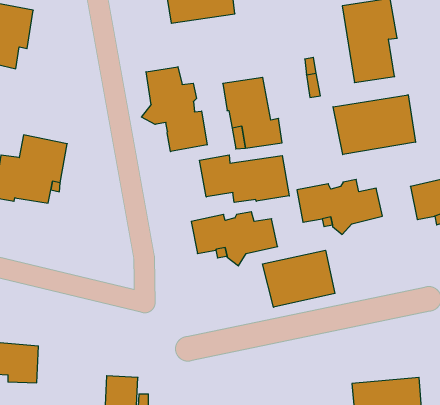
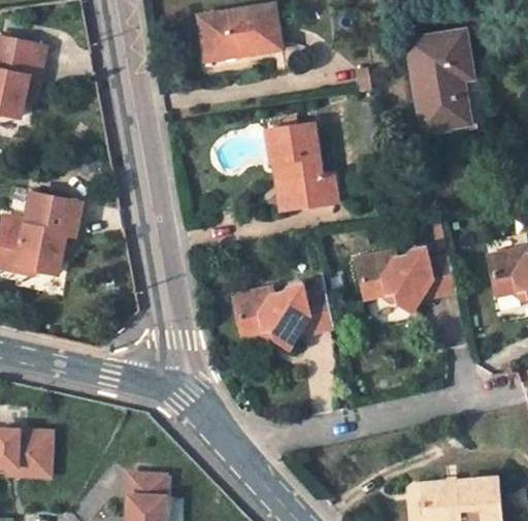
building: [141,67,207,152] -> none
building: [333,95,416,155] -> none
building: [200,155,289,202] -> none
building: [263,250,335,307] -> none

